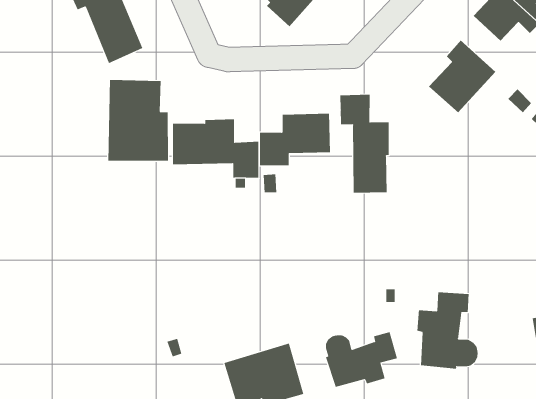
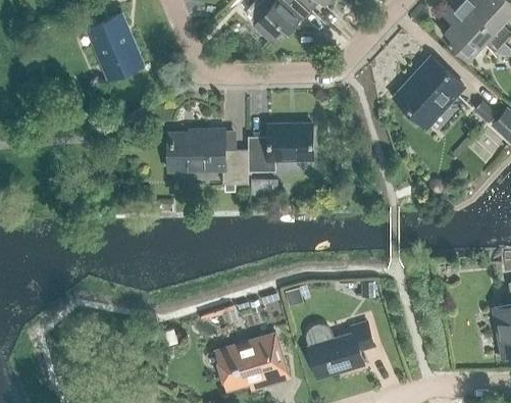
building: [108,79,168,162] -> none
building: [340,94,389,194] -> none
building: [417,292,478,369] -> none

